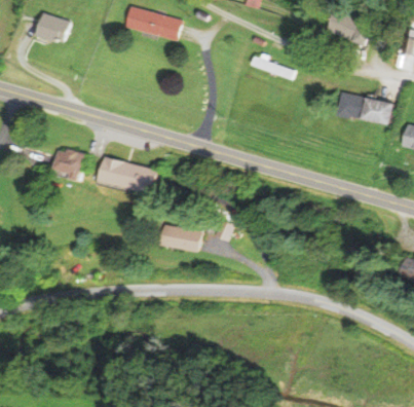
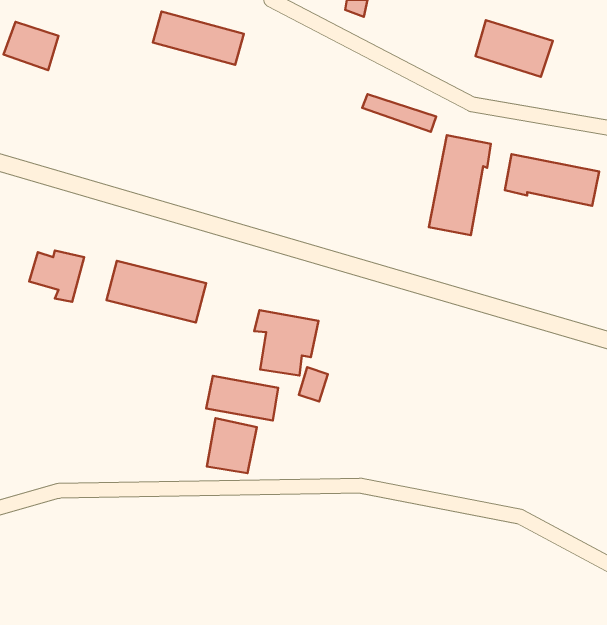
building: none -> [429,135,491,235]
building: none -> [254,310,319,376]
building: none -> [207,418,257,473]

